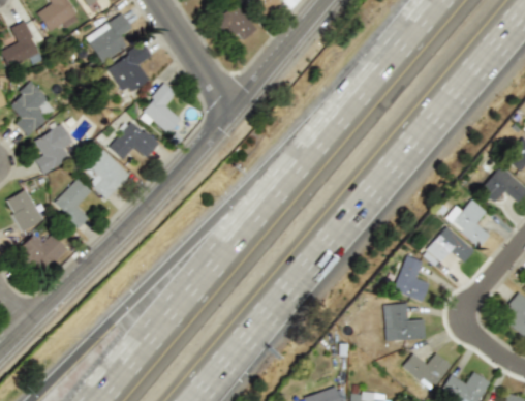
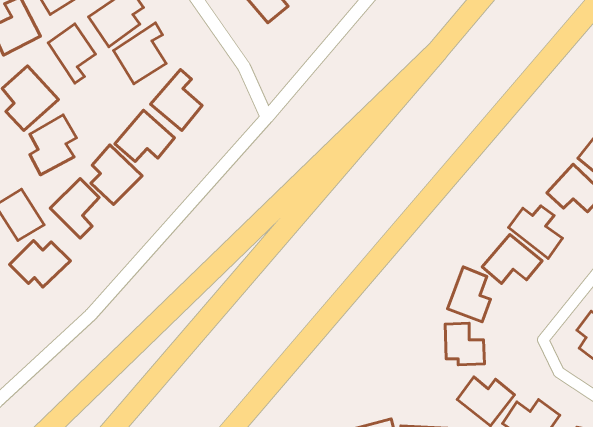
building: none -> [48,24,96,83]

